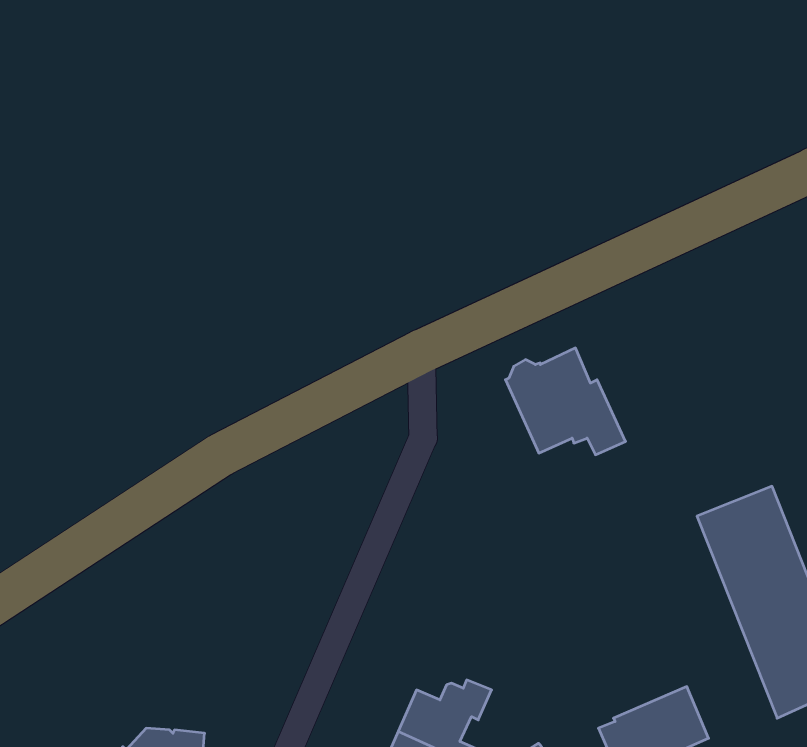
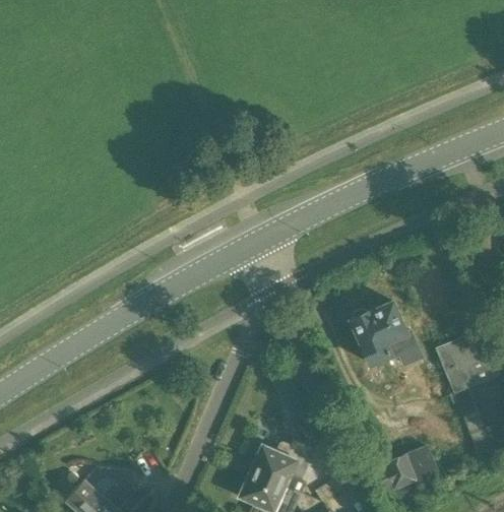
building: [505,348,626,455] -> [350,303,423,368]

